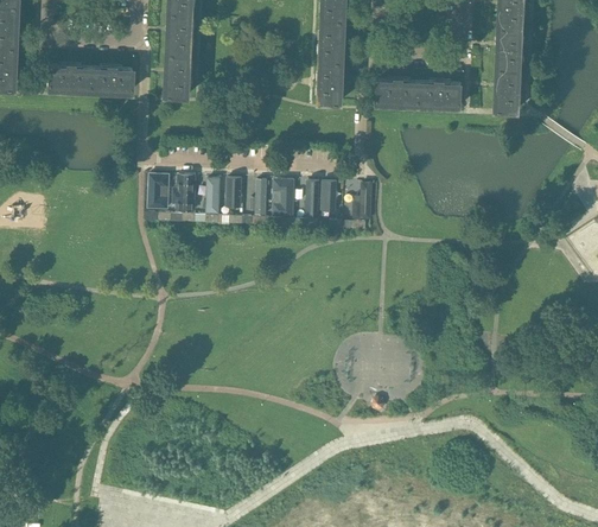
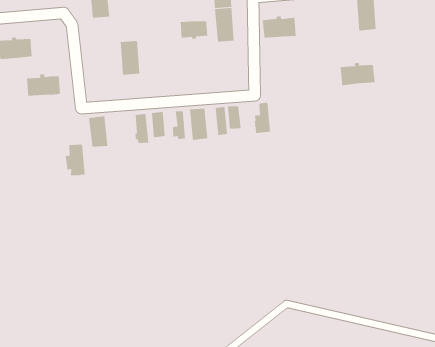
building: [166,53,191,96] -> [120,40,140,75]
building: [89,66,132,94] -> [26,74,61,96]
building: none -> [180,20,208,40]
building: [418,81,460,108] -> [340,62,376,86]
building: [172,176,196,215] -> [65,144,86,176]

